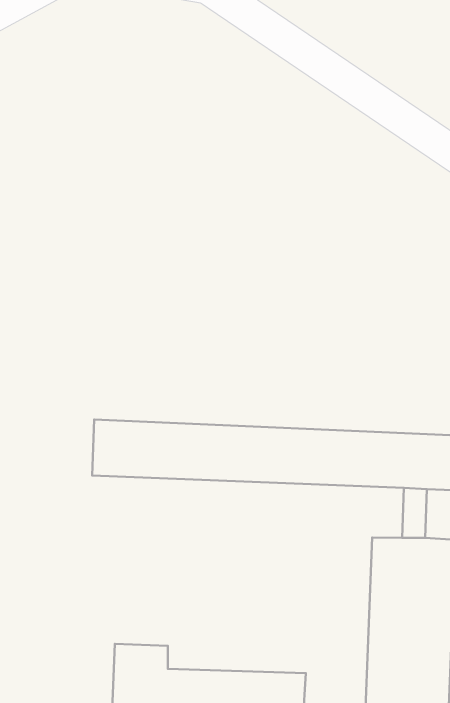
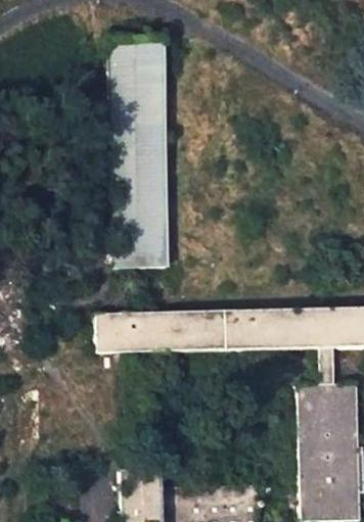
building: none -> [111,41,168,269]

